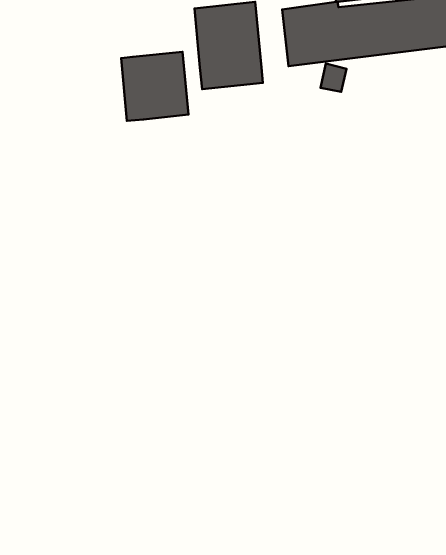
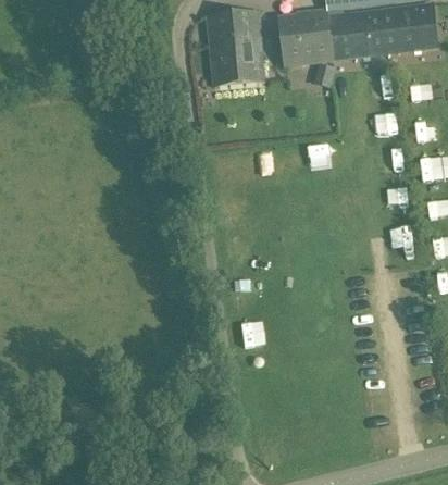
building: [121,52,188,121] -> none

